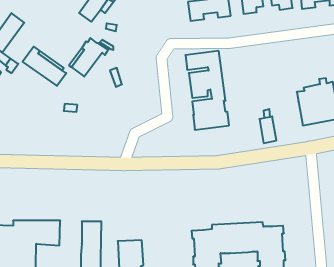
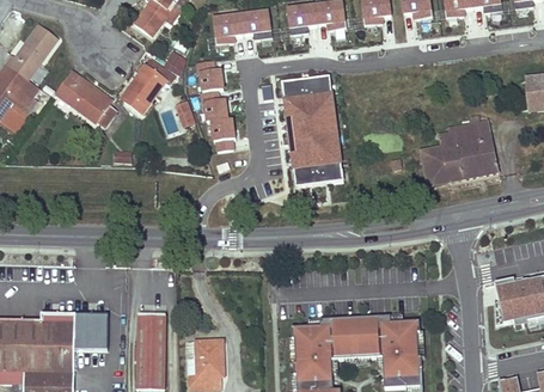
building: none -> [212,10,271,43]
building: none -> [196,59,234,149]
building: [259,116,276,143] -> [422,146,446,183]

